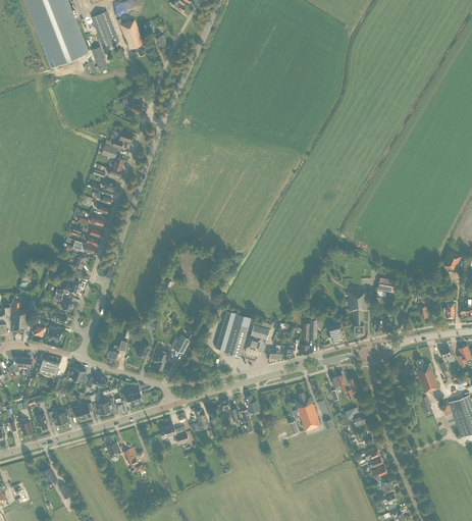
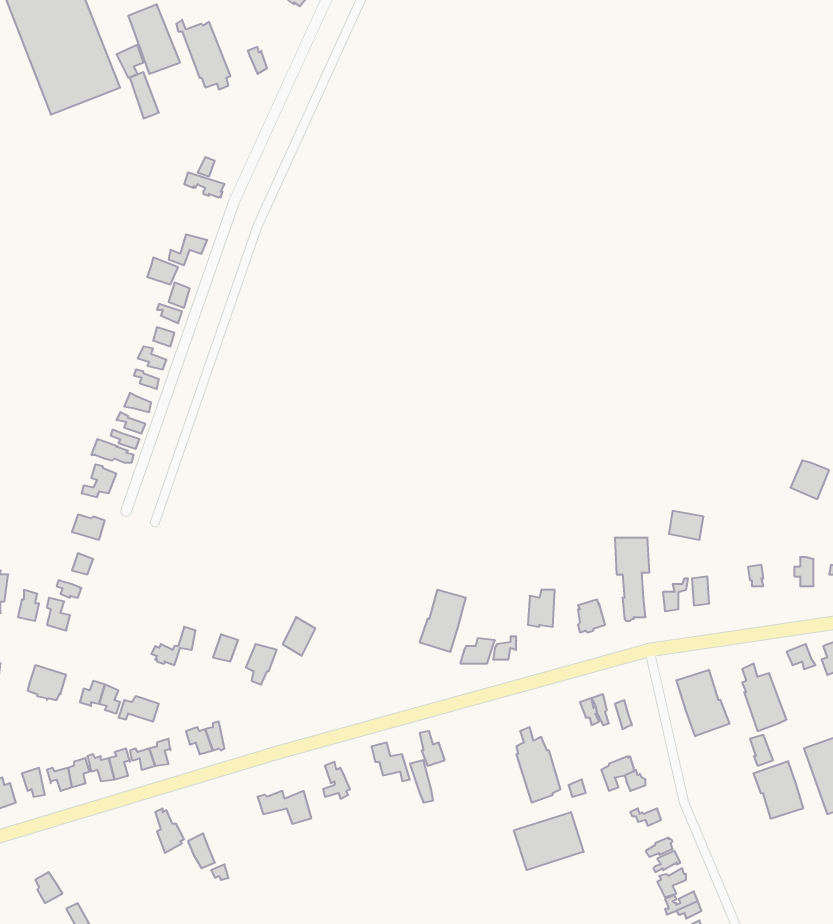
building: [214,311,250,356] -> none
building: none -> [676,670,730,736]
building: none -> [753,761,803,819]
building: none -> [514,812,584,870]

